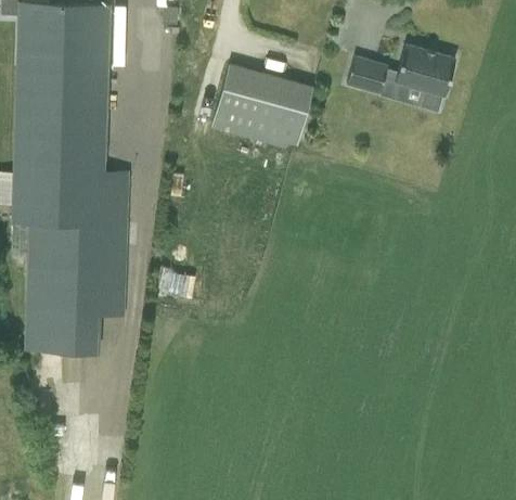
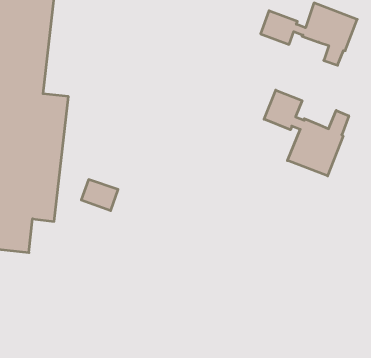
building: [211,65,310,148] -> none
building: none -> [264,90,349,176]

